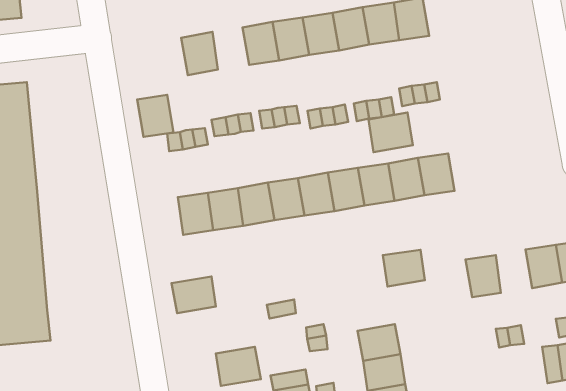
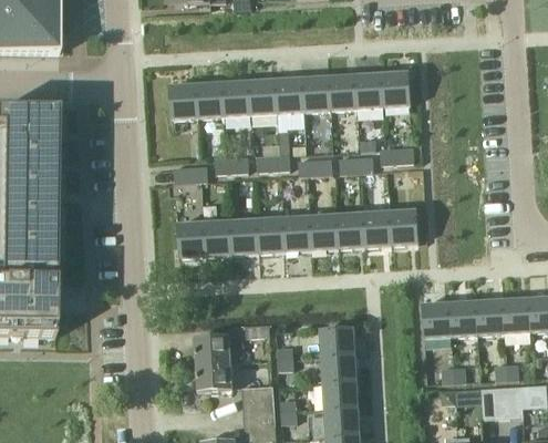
building: none -> [223,81,251,115]
building: [137,95,174,137] -> [168,84,197,119]
building: [368,113,413,152] -> none
building: none -> [448,300,477,336]
building: [383,250,425,287] -> [320,327,354,356]
building: [171,276,216,313] -> [194,333,230,362]

